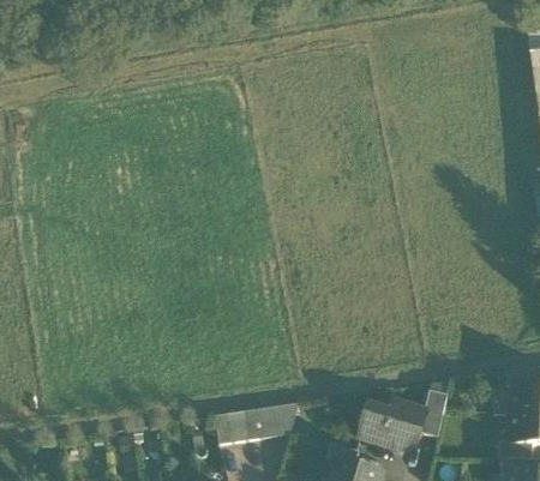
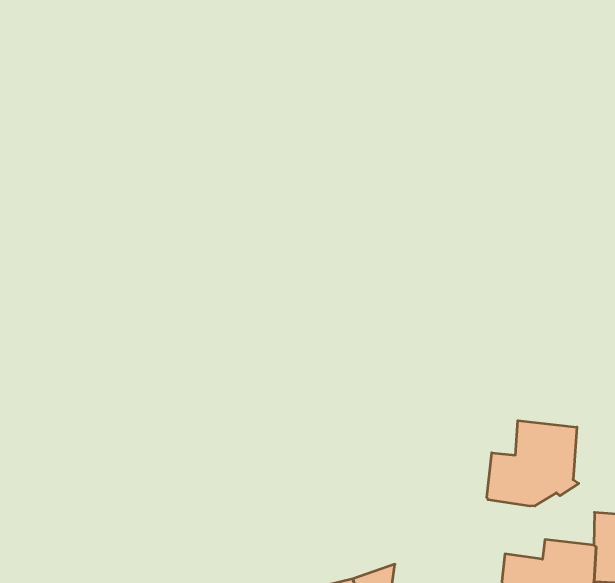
building: none -> [487,421,579,506]

